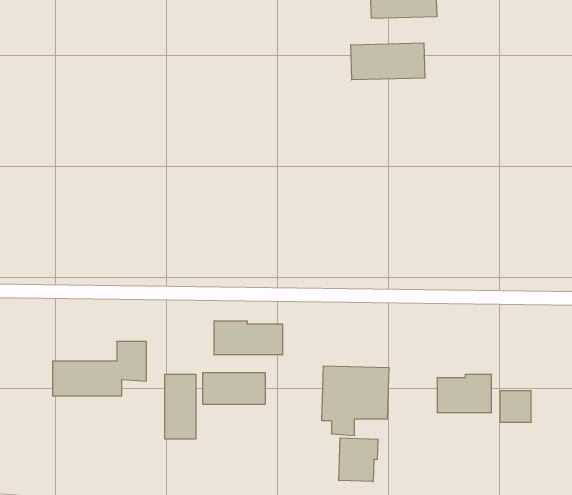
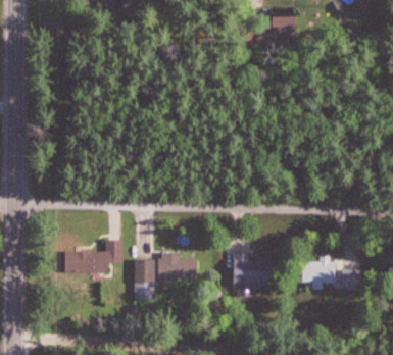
building: [351,43,425,80] -> none
building: [214,321,283,355] -> none
building: [339,438,378,482] -> none

